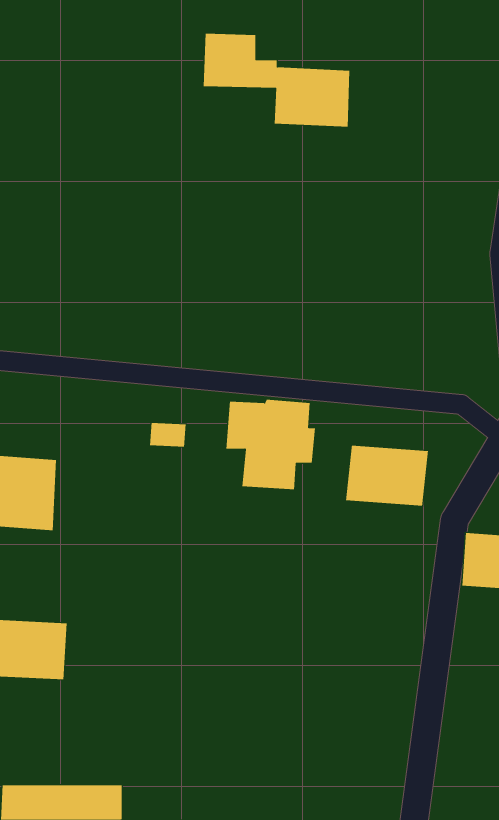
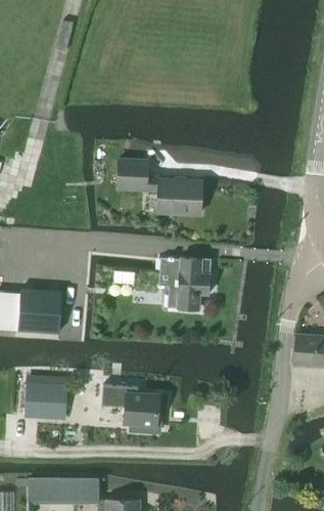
building: [203,33,350,127] -> [117,160,201,214]
building: [345,445,429,506] -> none
building: none -> [102,385,159,432]

